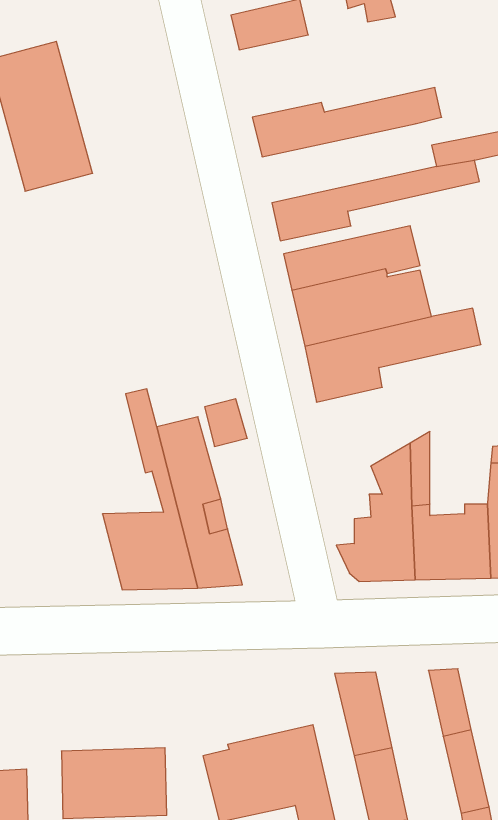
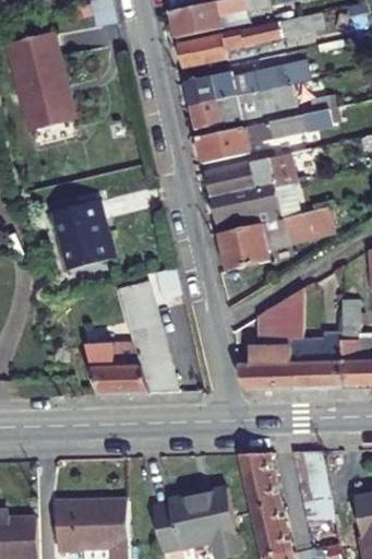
building: none -> [176,14,313,68]
building: none -> [190,85,295,130]
building: none -> [45,198,113,274]

